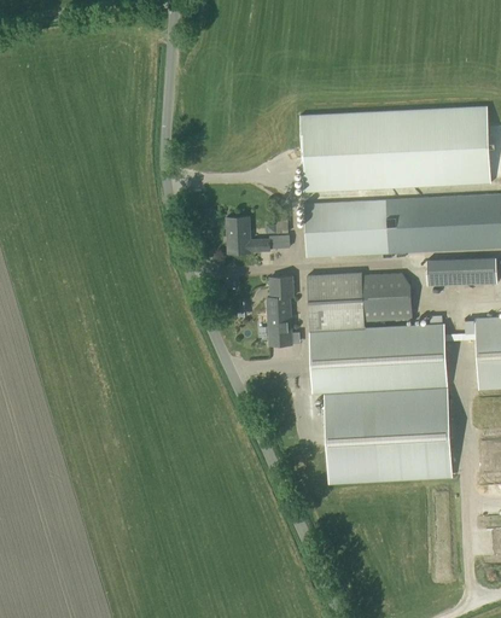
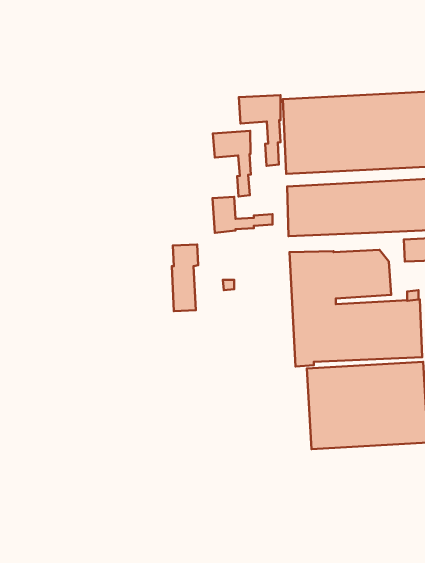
building: none -> [239,95,281,166]
building: none -> [213,131,251,197]
building: [267,274,295,344] -> [172,244,198,311]

